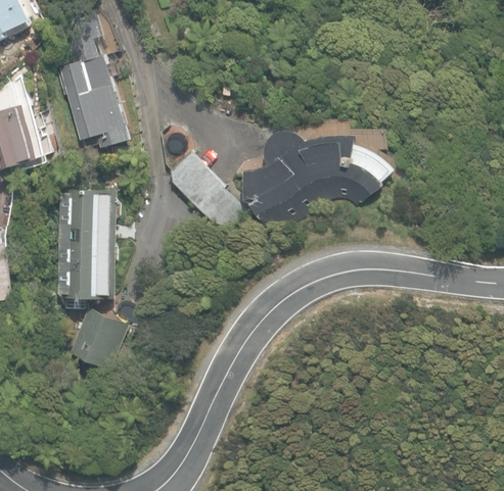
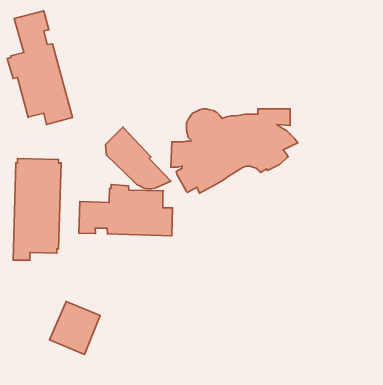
building: none -> [79,185,173,236]
building: [67,307,127,370] -> [50,301,100,354]

